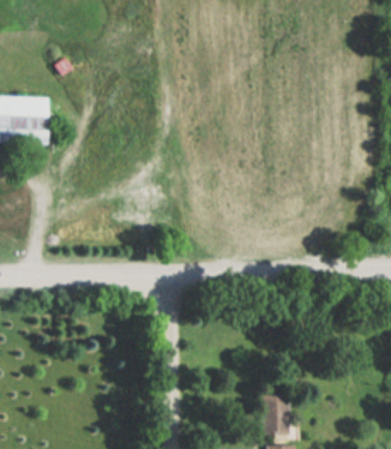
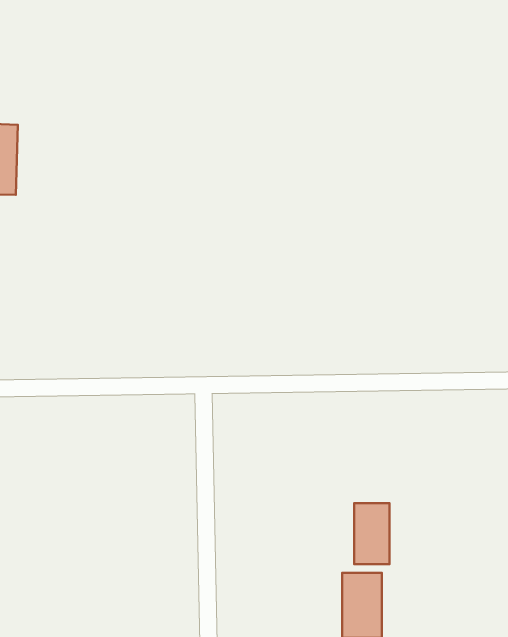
building: none -> [354,503,390,564]

